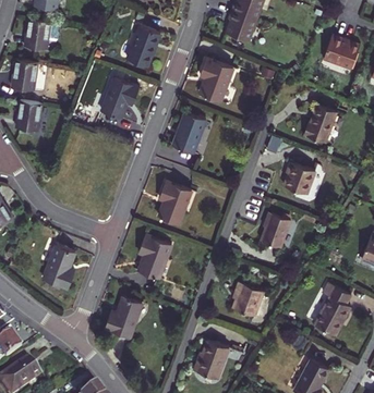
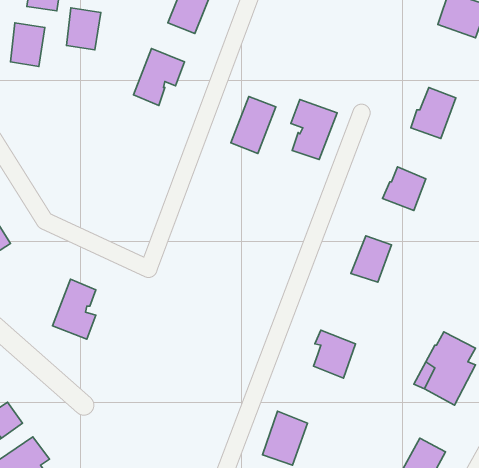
building: [198,57,232,100] -> [291,99,337,159]
building: [16,99,41,130] -> [66,8,101,50]
building: [158,180,191,223] -> none
building: [137,234,170,278] -> none
building: [104,295,142,336] -> none

